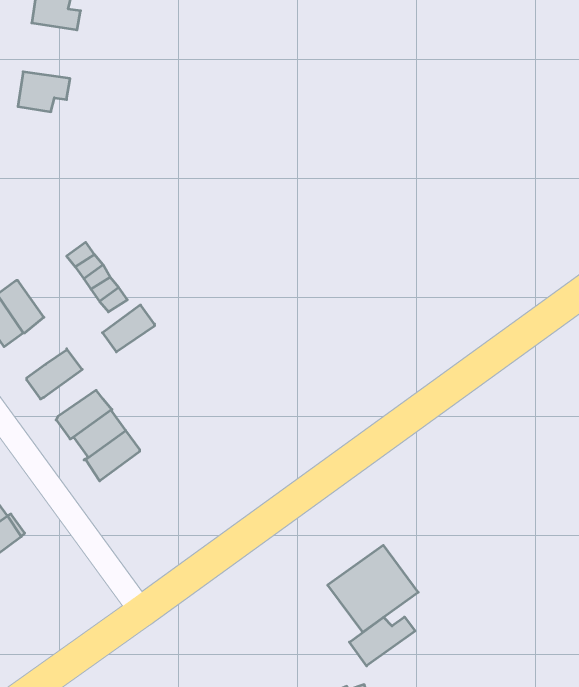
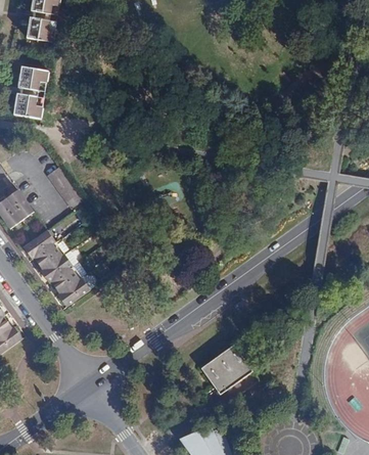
building: none -> [13,92,42,118]
building: [102,305,155,352] -> [33,240,63,268]
building: [349,617,415,666] -> none

